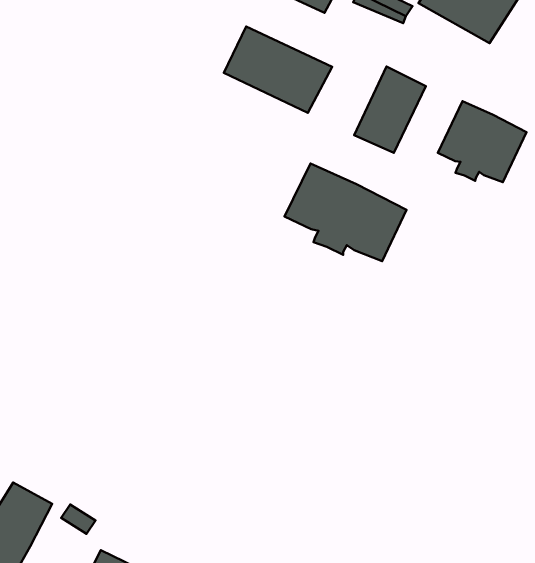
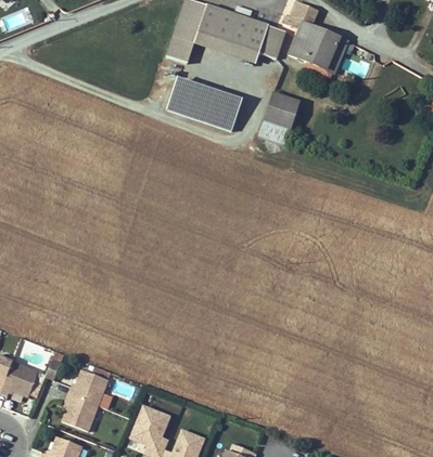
building: [438,101,526,182] -> none
building: [285,163,407,261] -> none

